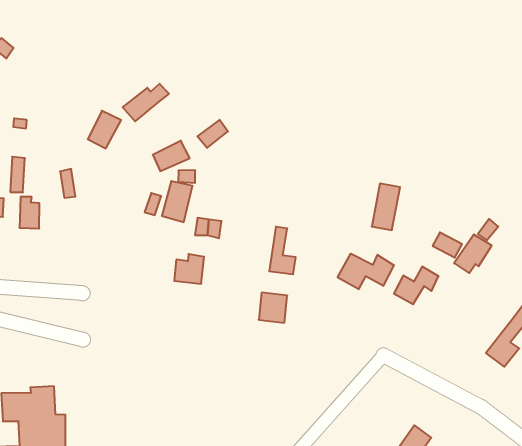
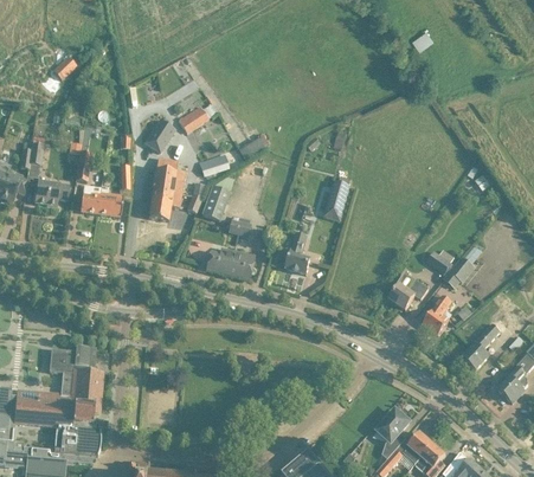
building: none -> [147,159,184,220]
building: [372,183,400,230] -> [322,180,349,220]
building: none -> [96,188,122,217]
building: [338,254,394,289] -> none
building: none -> [422,295,451,335]
building: [259,293,287,323] -> [227,251,253,278]

